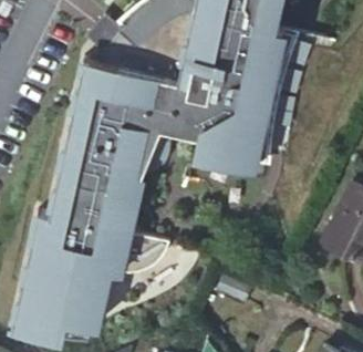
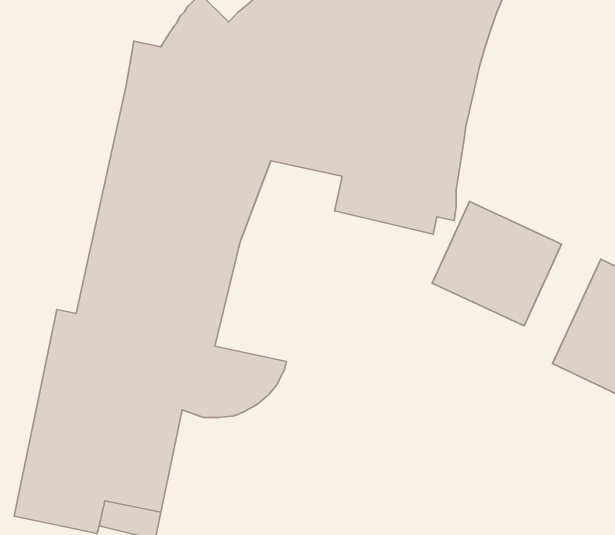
building: none -> [432,201,561,326]

